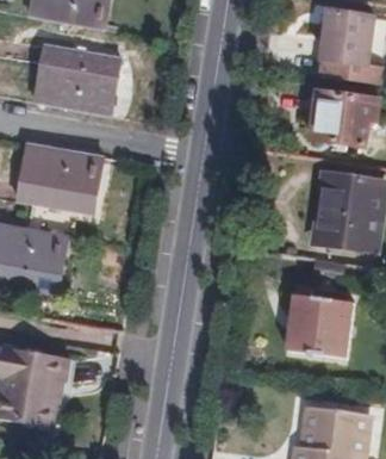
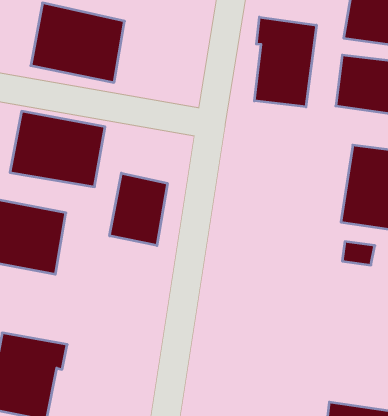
building: none -> [254,17,316,107]
building: none -> [110,173,167,246]
building: [284,287,354,359] -> none

